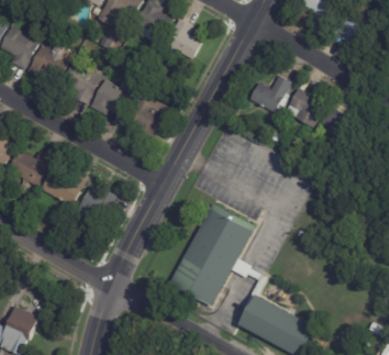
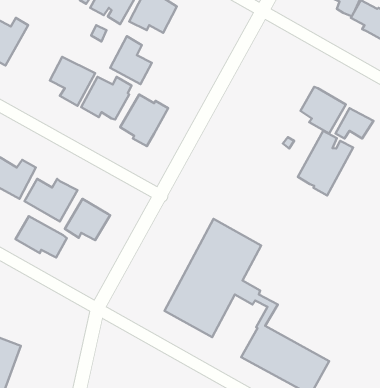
building: [166,18,202,59] -> [110,36,152,84]
building: [27,43,74,79] -> none
building: [245,76,288,113] -> none
building: none -> [298,131,353,195]
building: none -> [15,216,67,257]

